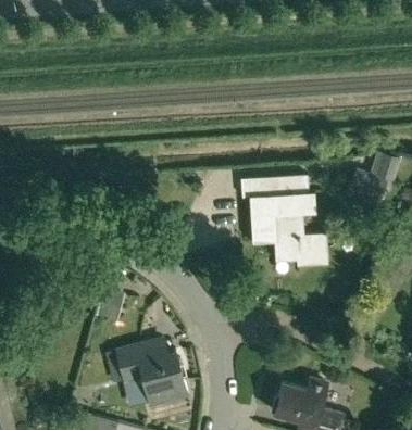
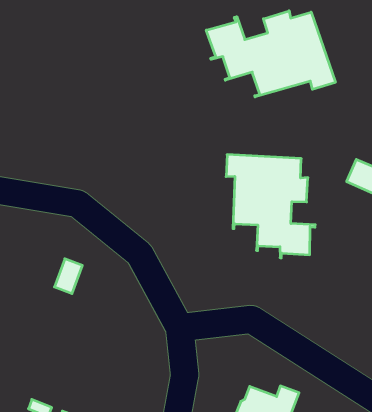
building: none -> [206,11,335,97]
building: [115,338,187,405] -> none

